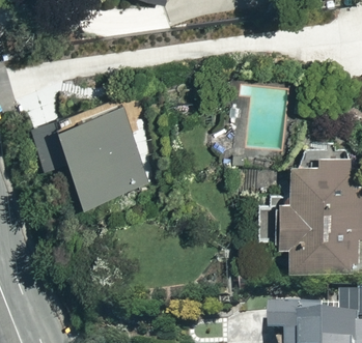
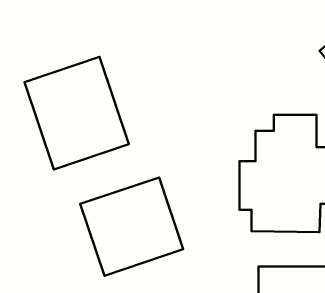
building: none -> [80,177,183,276]

